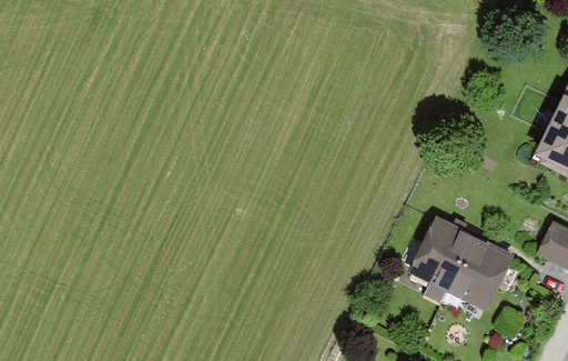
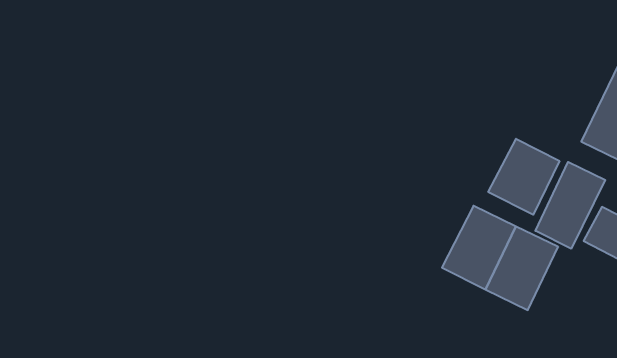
building: none -> [488,139,559,215]
building: none -> [535,162,605,249]

